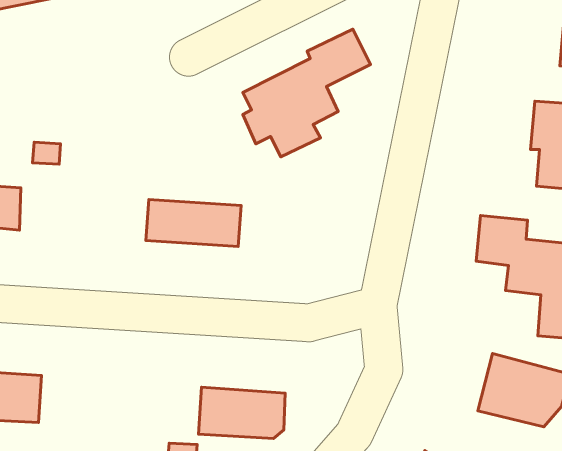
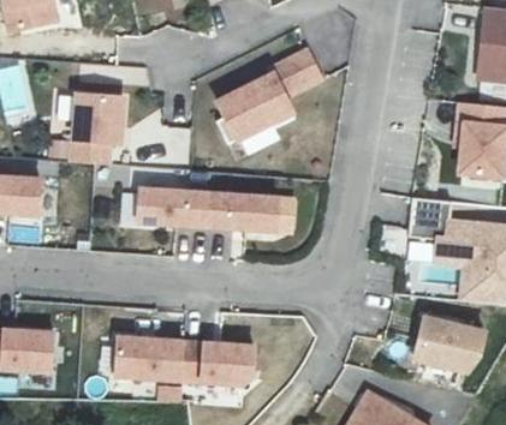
building: none -> [72,92,121,162]
building: none -> [215,191,293,231]
building: none -> [117,336,185,378]

